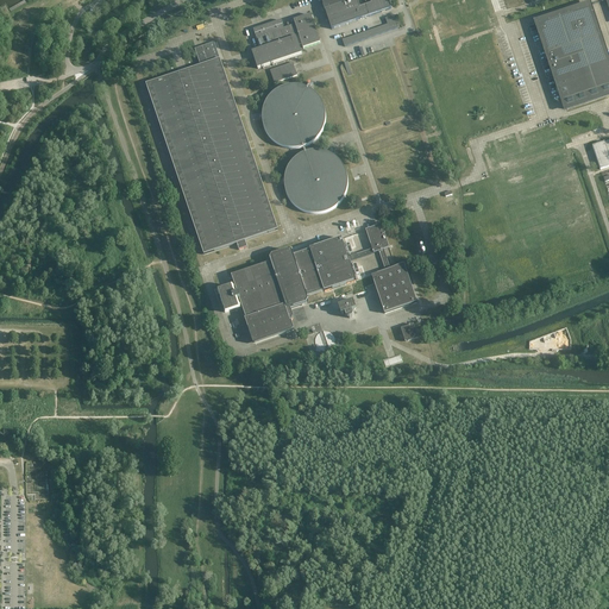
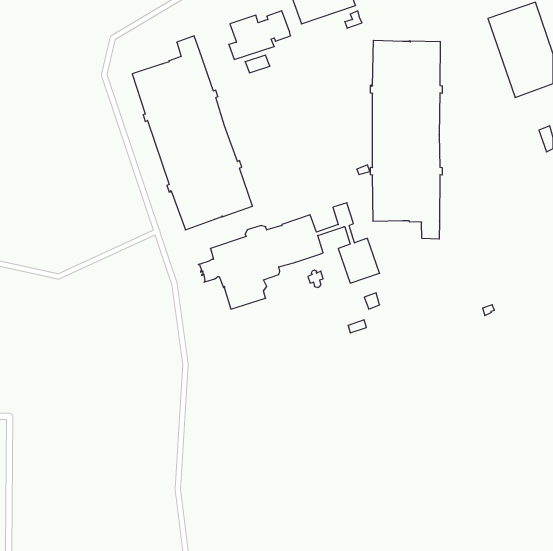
building: none -> [370,40,442,239]
building: [262,82,325,146] -> none
building: [283,147,346,211] -> none

